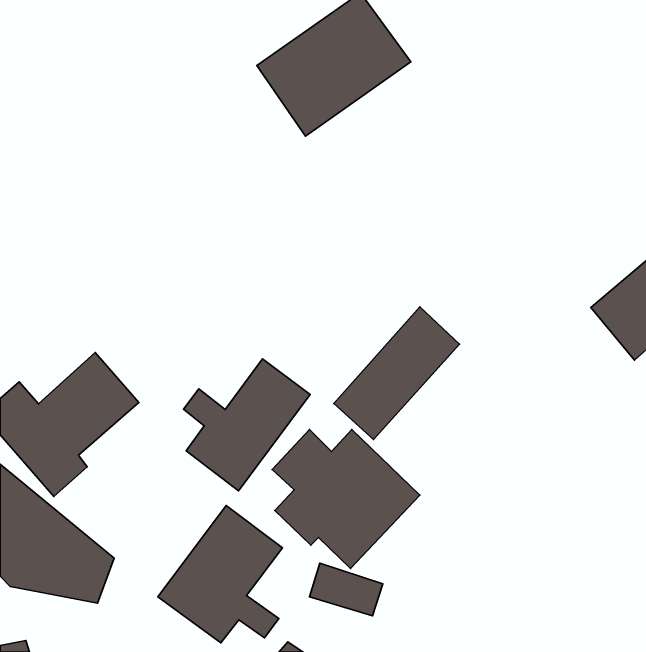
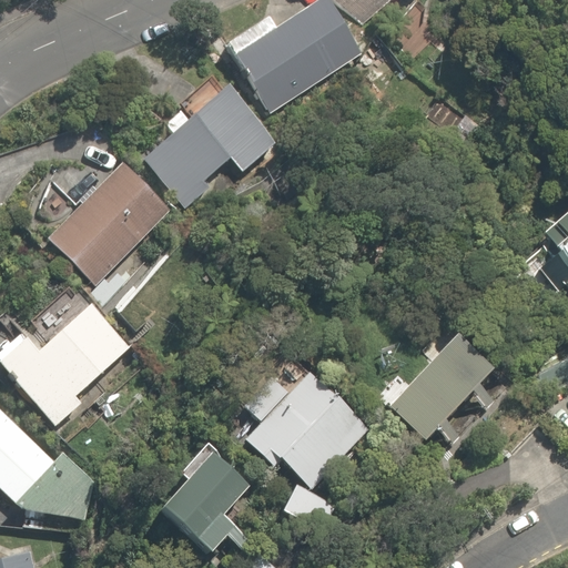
building: none -> [143,90,268,211]
building: none -> [50,166,168,286]
building: [334,307,460,439] -> [389,326,498,440]
building: [184,359,310,491] -> none

